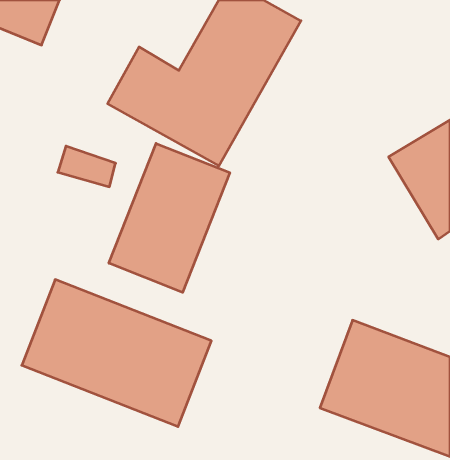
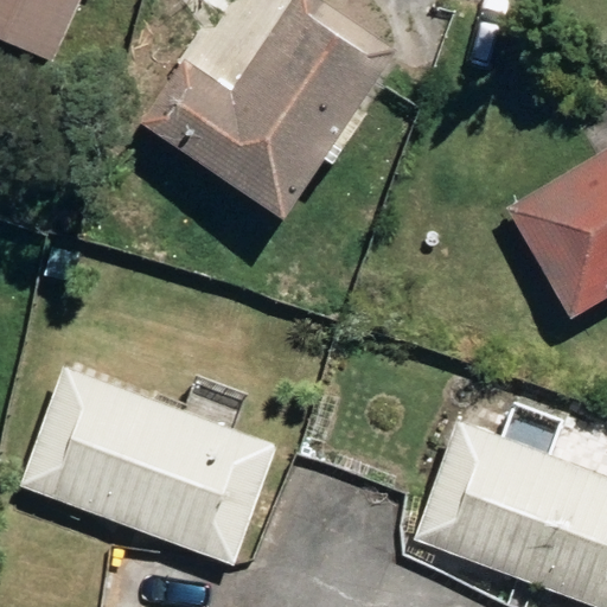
building: [109,143,230,292] -> none

